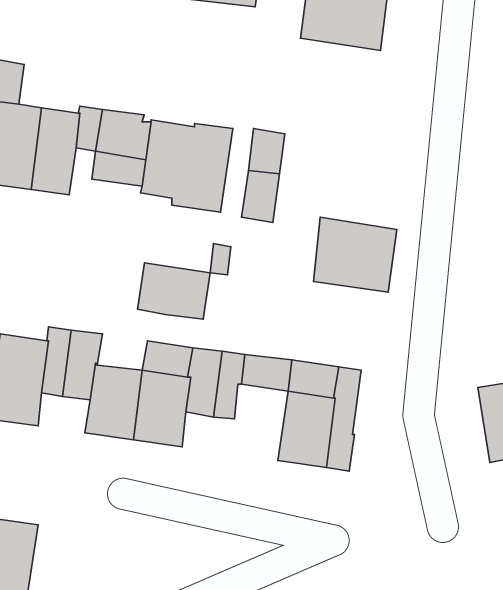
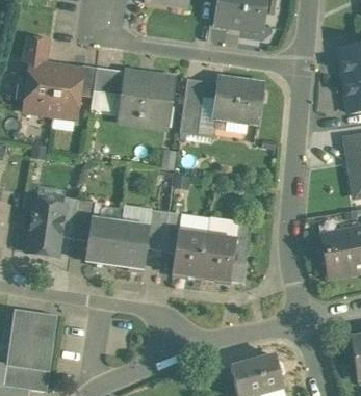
building: [313,217,397,292] -> [213,77,263,122]
building: [137,263,210,319] -> none
building: none -> [172,231,207,276]

